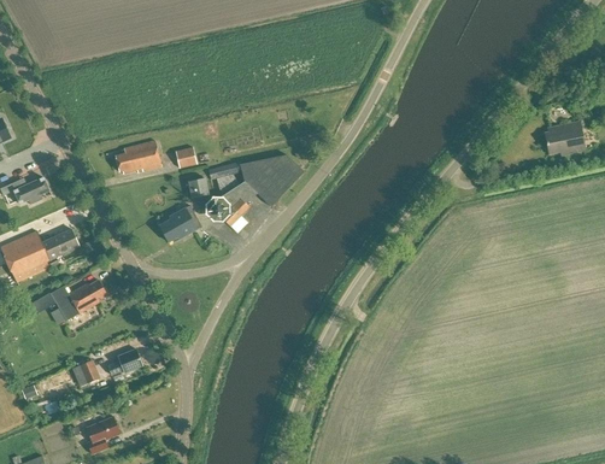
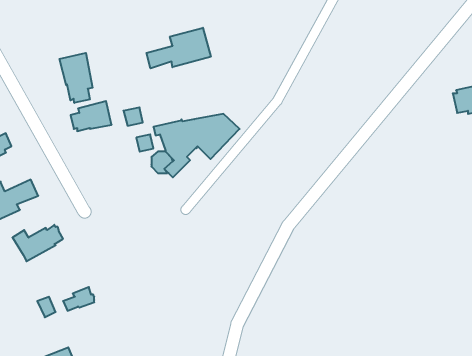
building: none -> [146,28,211,68]
building: none -> [59,53,93,103]
building: [158,206,200,242] -> none

